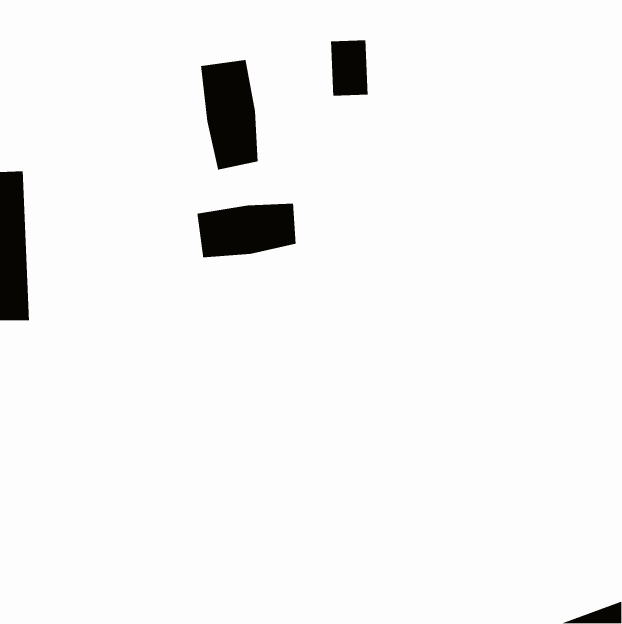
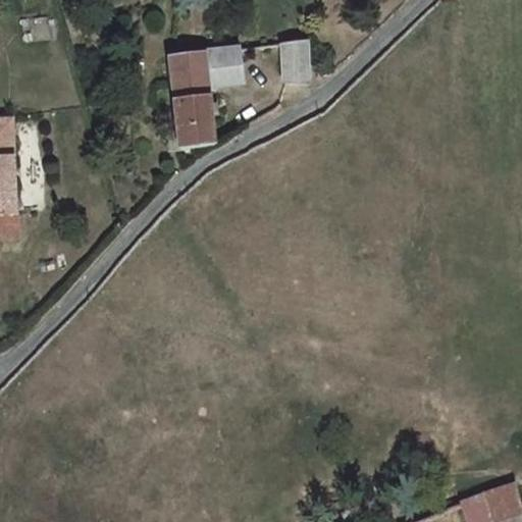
building: none -> [203,45,248,92]
building: [197,203,296,258] -> none

